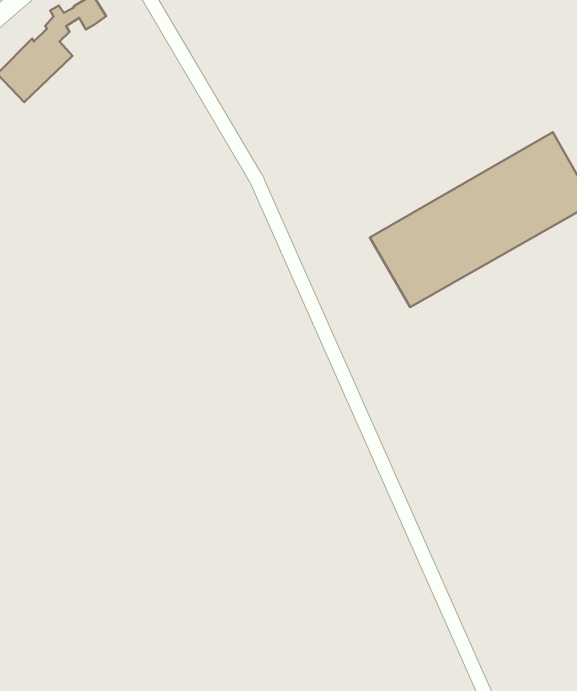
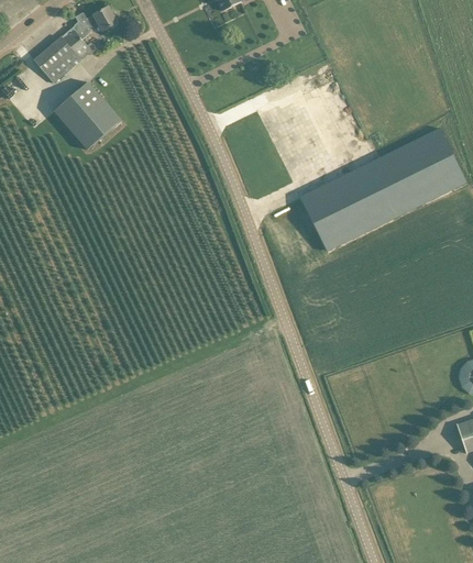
building: none -> [56,82,122,150]

